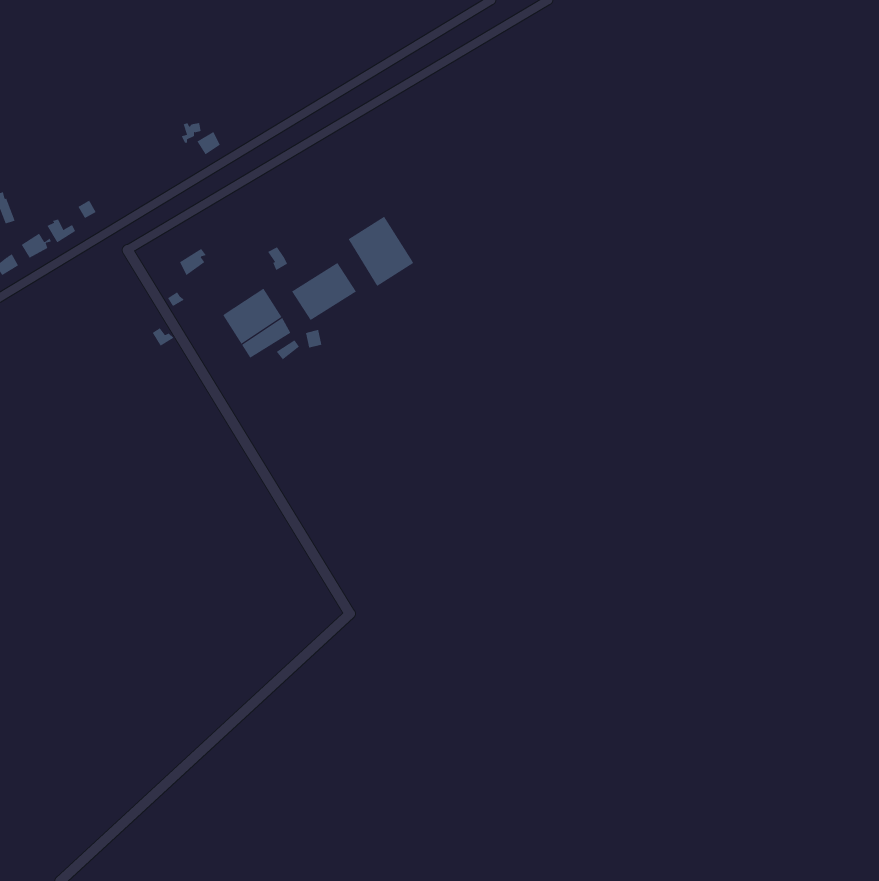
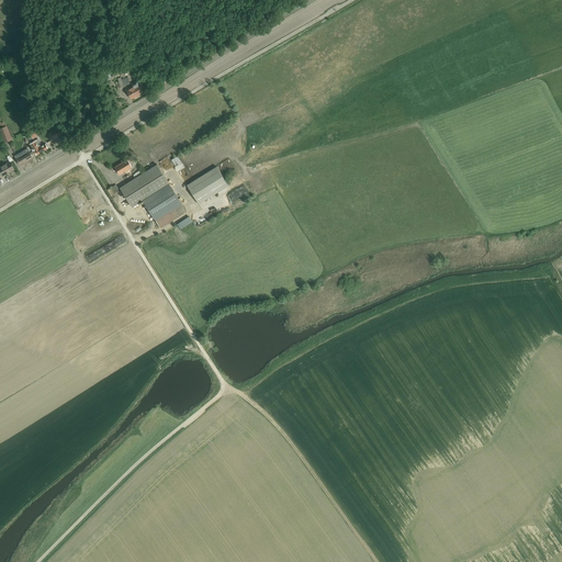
building: [348,216,414,287] -> none
building: none -> [119,165,168,207]

